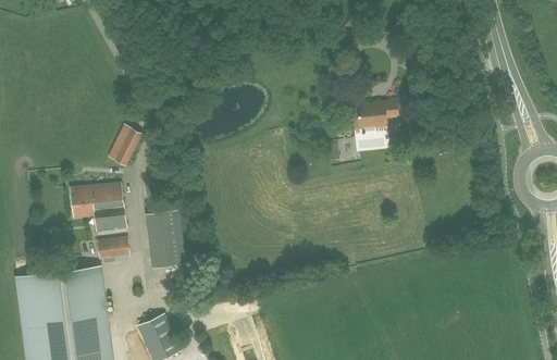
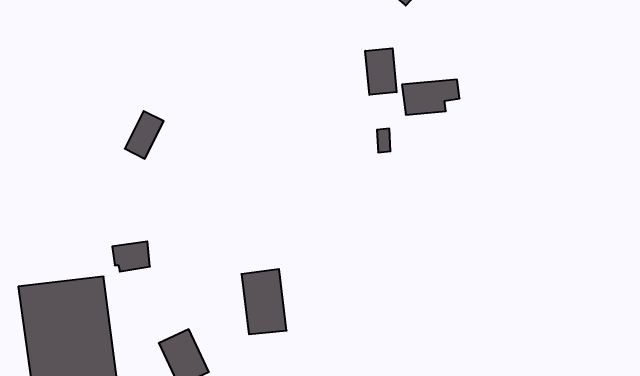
building: none -> [365,48,397,95]
building: [71,183,126,233] -> none
building: [143,208,182,264] -> [241,269,287,334]

